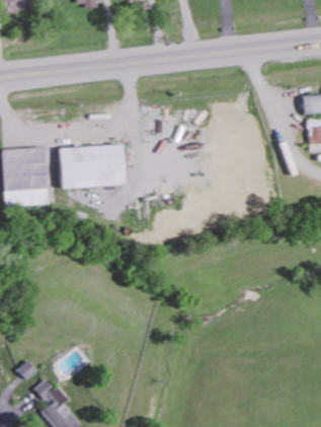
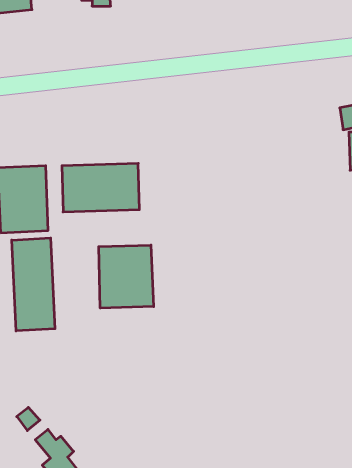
building: none -> [12,238,55,331]
building: none -> [99,245,154,308]

